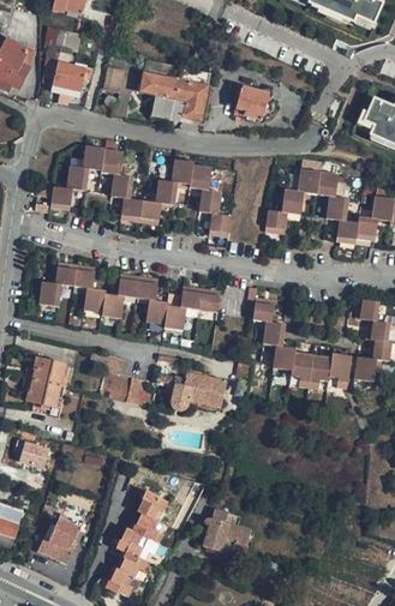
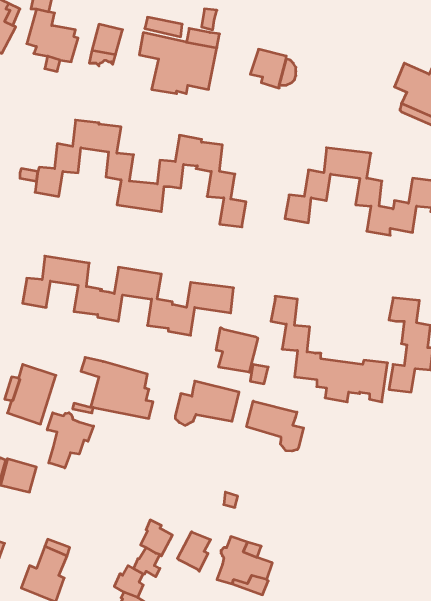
building: none -> [216,328,258,372]
building: none -> [247,401,304,451]
building: none -> [47,413,94,468]
building: none -> [177,532,211,571]

